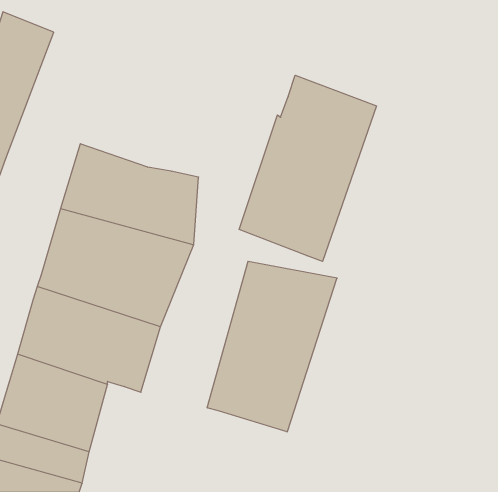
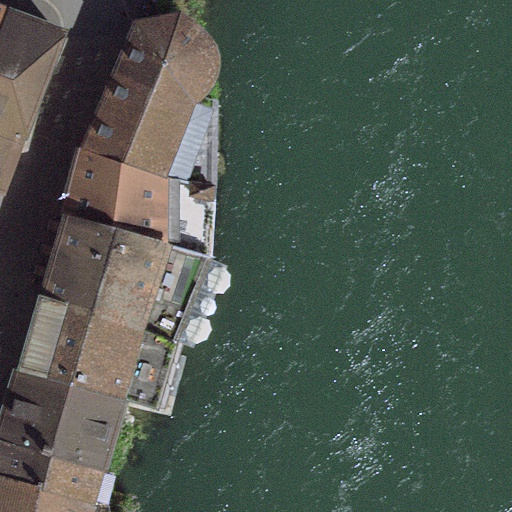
building: none -> [82,16,205,181]
building: [239,75,377,261] -> none
building: [207,261,337,432] -> none

